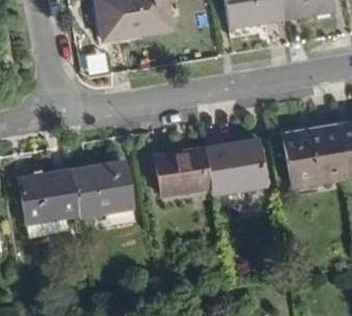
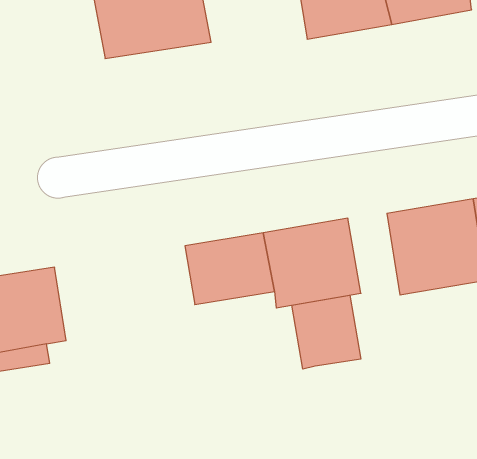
building: [62,161,124,218] -> none
building: none -> [292,295,361,369]

